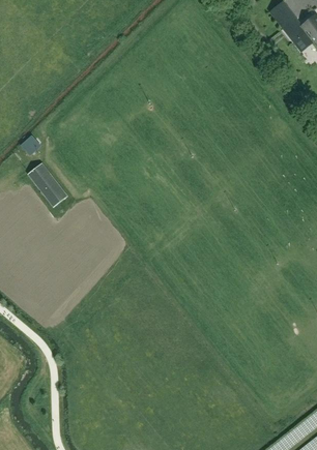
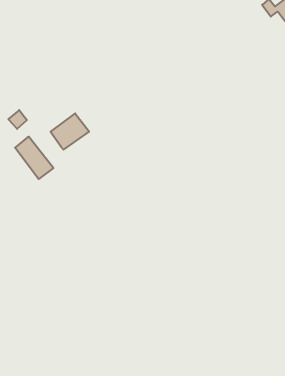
building: none -> [51,113,89,150]

